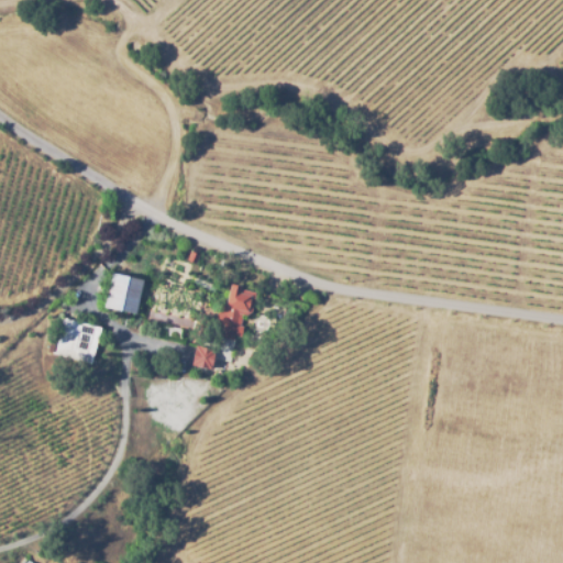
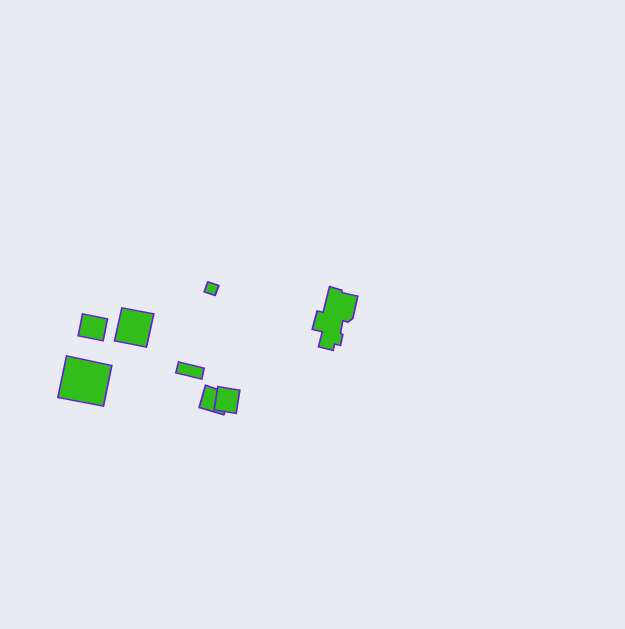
building: none -> [78,314,108,341]
building: [218,284,258,341] -> [312,286,358,350]

